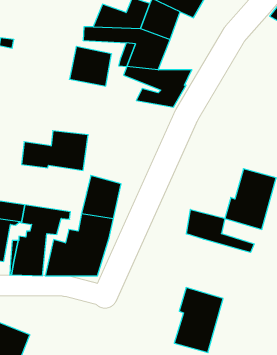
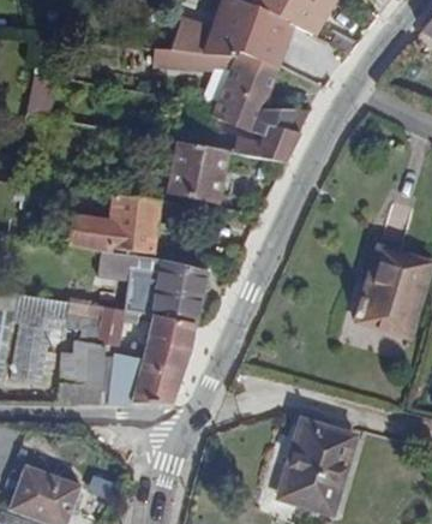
building: [69,46,112,86] -> [167,144,227,201]
building: none -> [100,250,166,285]
building: [186,209,254,252] -> none

